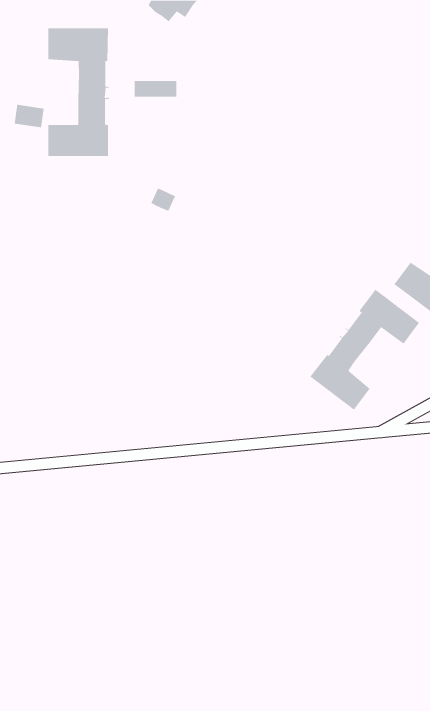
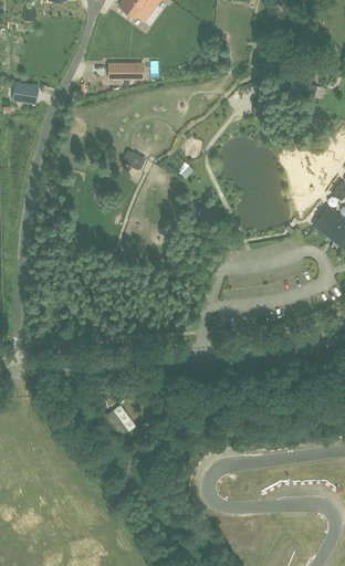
building: [48,27,109,157] -> none
building: [309,289,420,410] -> none

